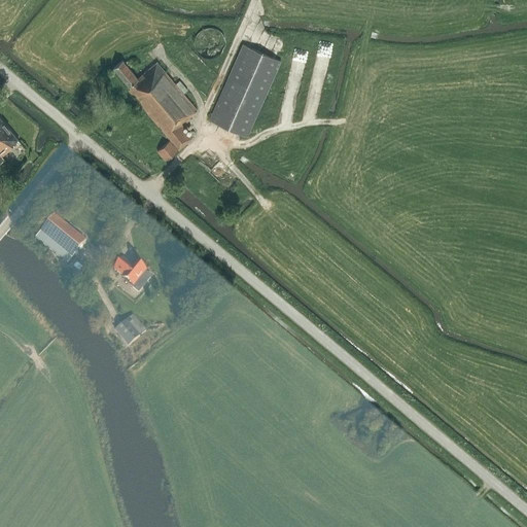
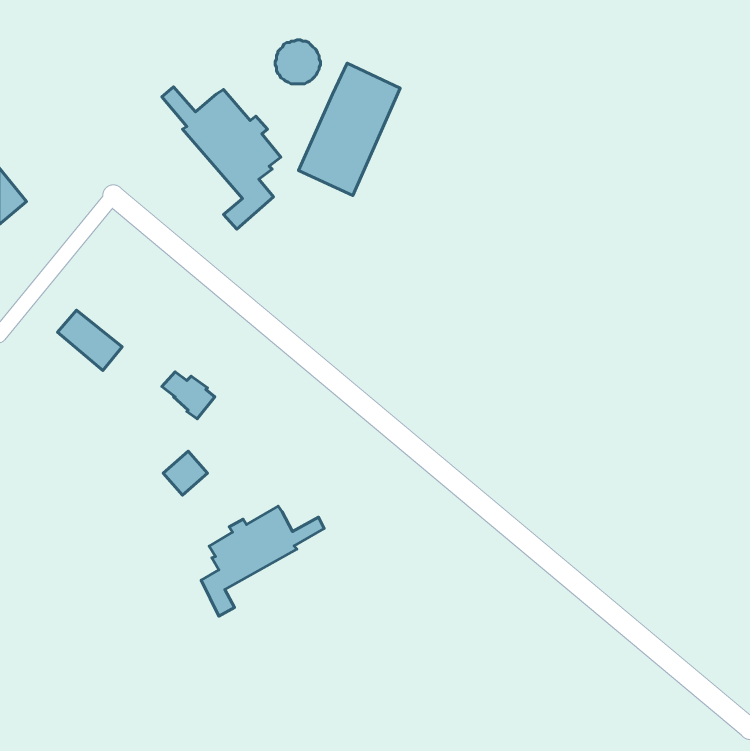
building: none -> [201,506,324,616]

